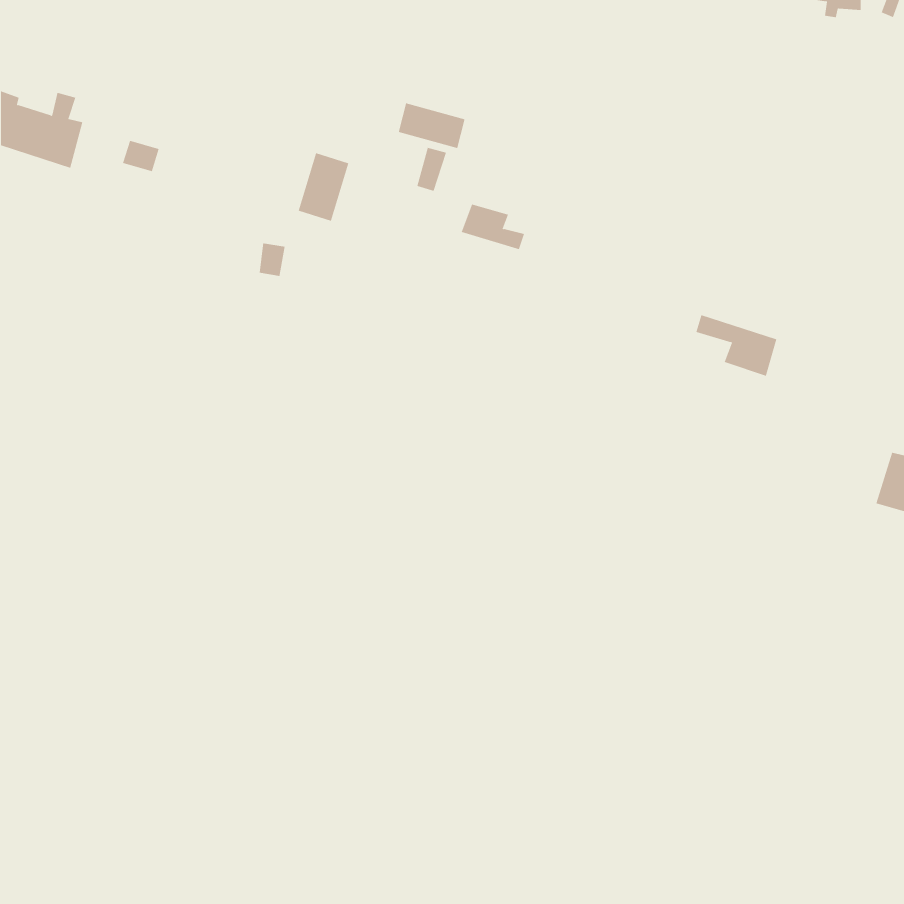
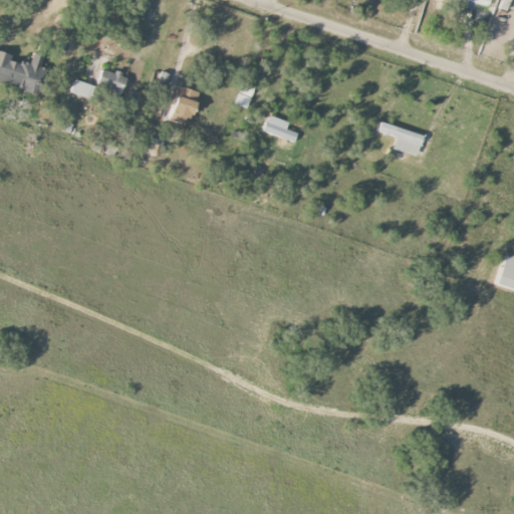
building: [398,103,465,149] -> none
building: none -> [96,68,127,95]
building: [696,314,777,376] -> [377,121,424,157]

